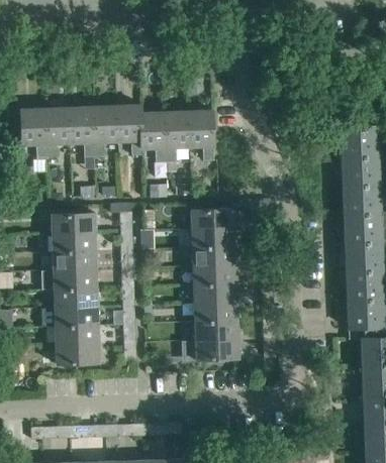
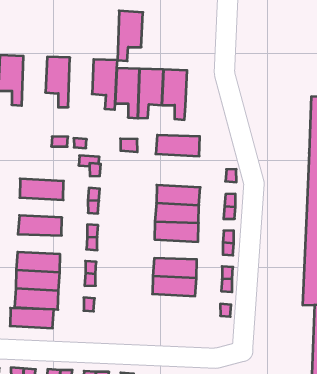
building: [92,106,117,156] -> [117,11,143,61]
building: [44,107,70,158] -> none
building: [190,208,234,229] -> [156,135,200,156]
building: [51,213,95,233] -> none
building: [52,251,96,270] -> none
building: [192,283,236,304] -> none
building: [53,287,97,308] -> [10,308,54,328]
building: [181,339,238,363] -> none

